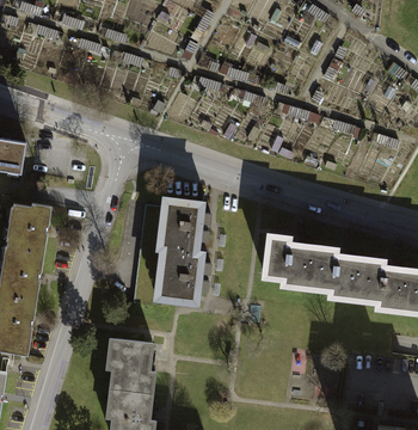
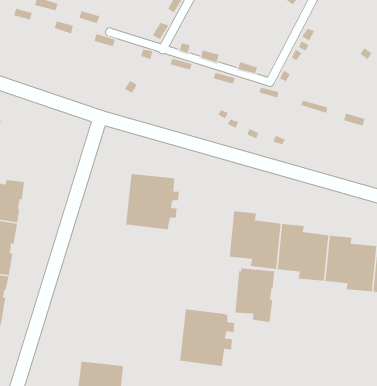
building: [153,248,210,308] -> [179,309,235,367]
building: none -> [234,267,275,323]
building: [105,338,156,392] -> none

